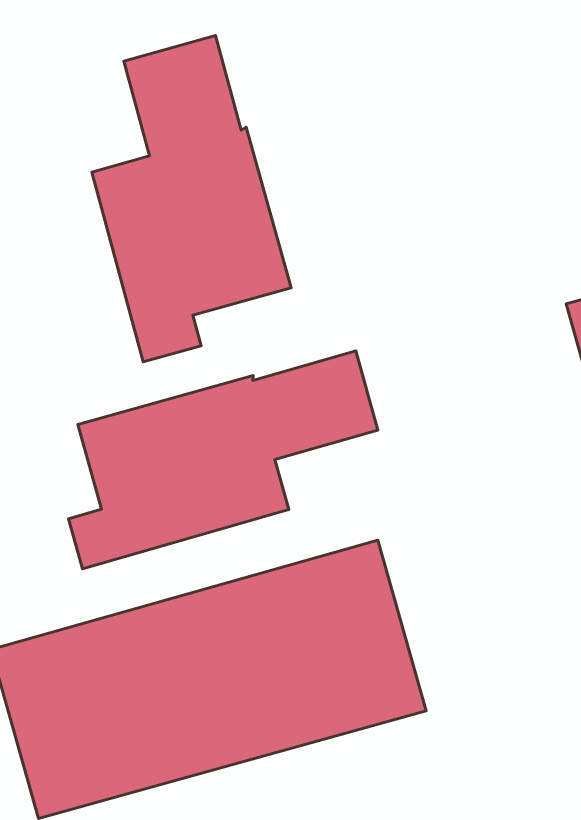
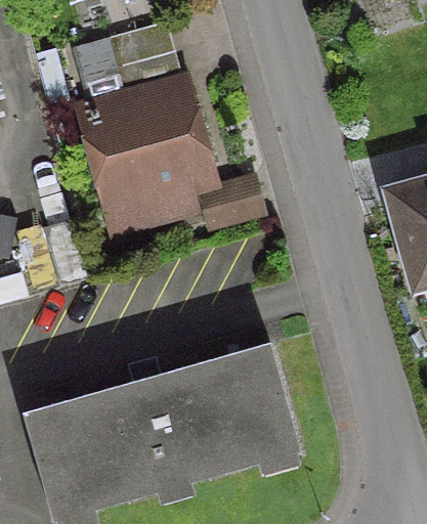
building: [68,351,378,569] -> none

